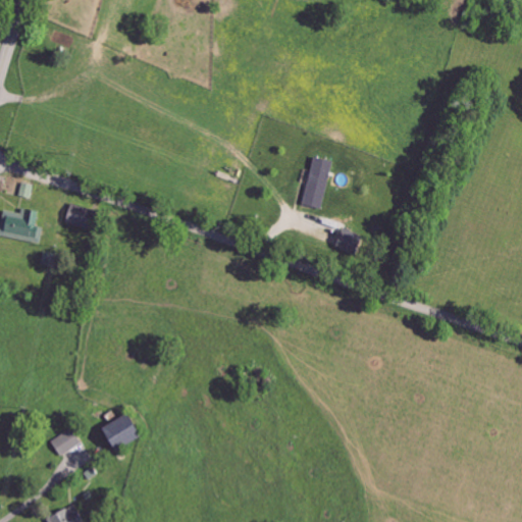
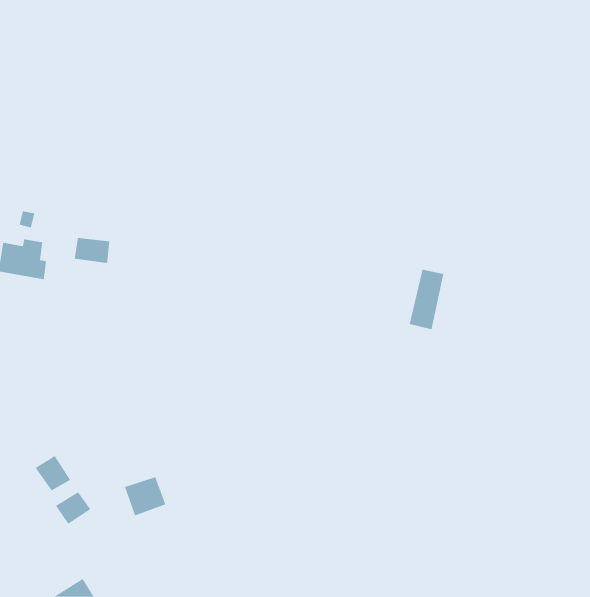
building: [300,157,330,210] -> [409,269,444,330]
building: none -> [35,455,71,491]

